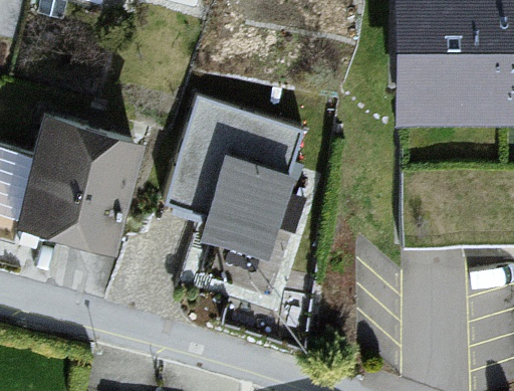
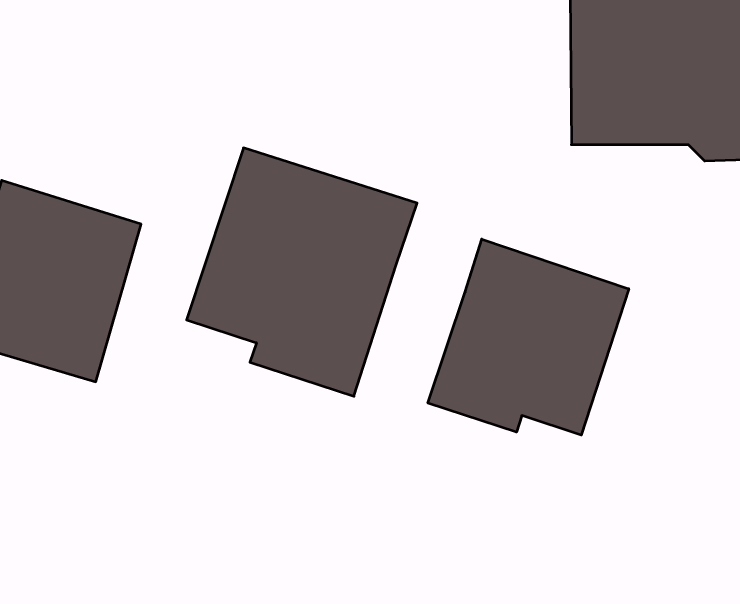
building: none -> [428,239,629,435]

